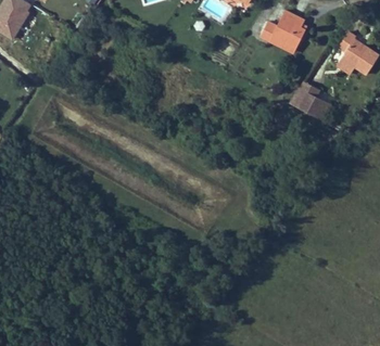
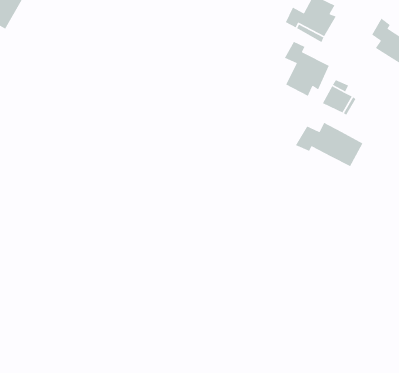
building: none -> [284,41,330,97]
building: none -> [295,122,363,167]

